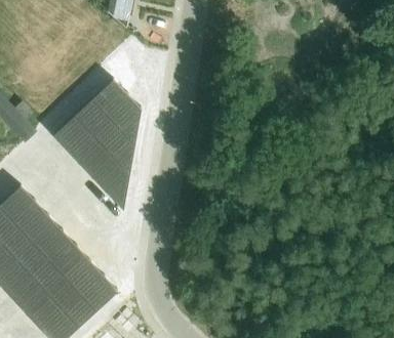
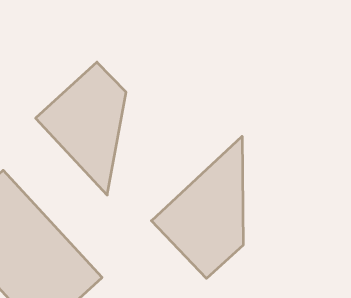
building: none -> [151,136,243,278]

